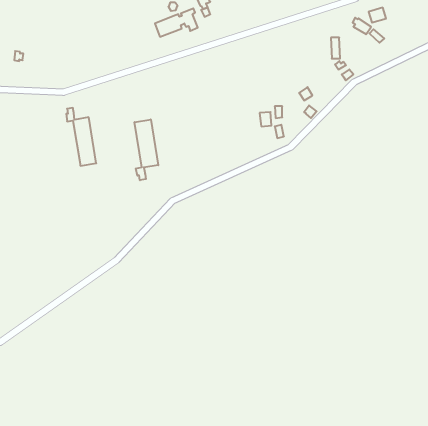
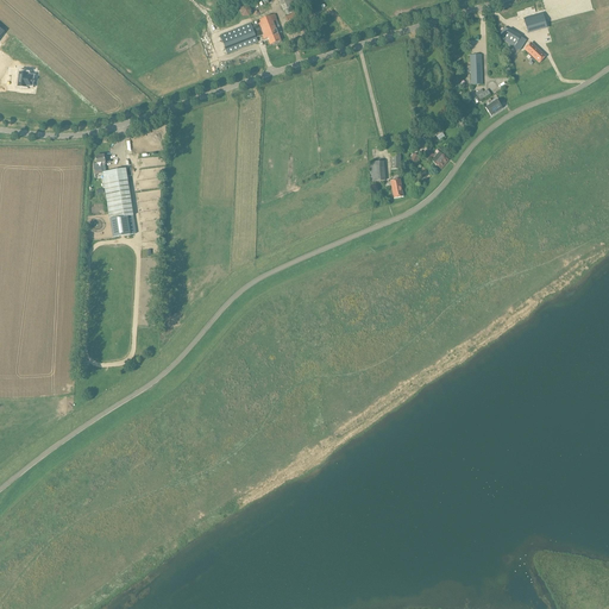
building: [135,119,158,180] -> none

